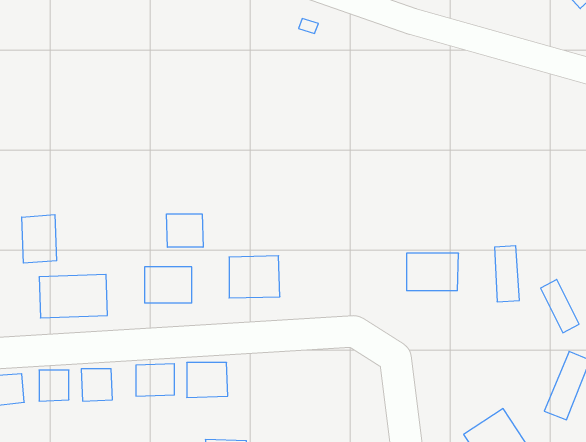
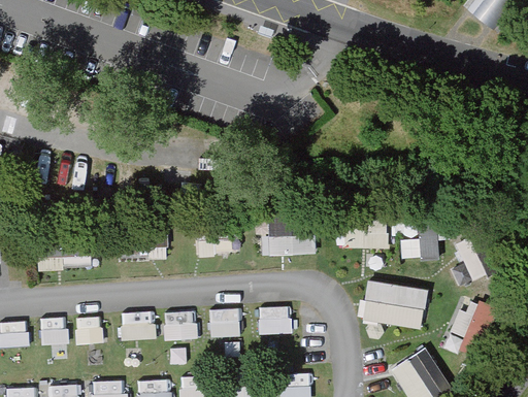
building: [167,214,203,247] -> none
building: [22,215,57,263] -> none
building: none -> [263,220,312,251]
building: none -> [364,285,429,334]
building: none -> [258,306,292,334]
building: none -> [208,307,240,337]

